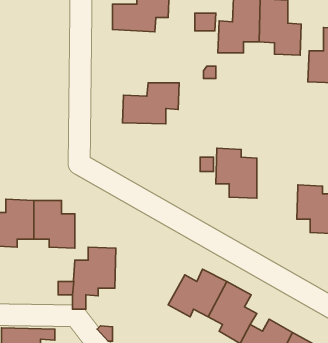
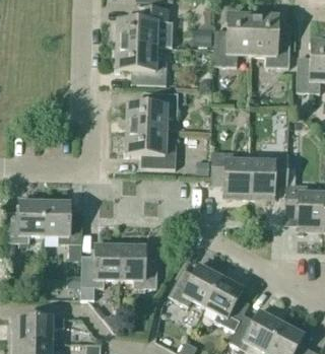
building: none -> [116,43,167,83]
building: none -> [125,128,176,167]
building: none -> [249,153,287,197]
building: none -> [119,242,157,287]

